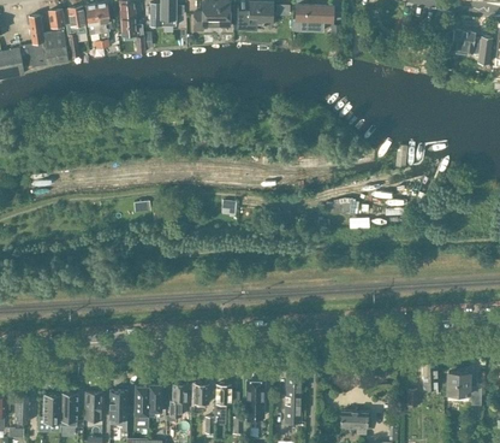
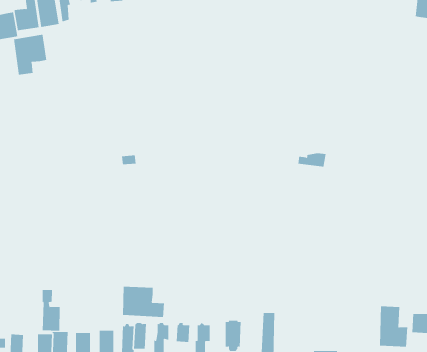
building: none -> [14,34,47,75]
building: none -> [122,286,165,318]
building: none -> [42,289,60,331]

